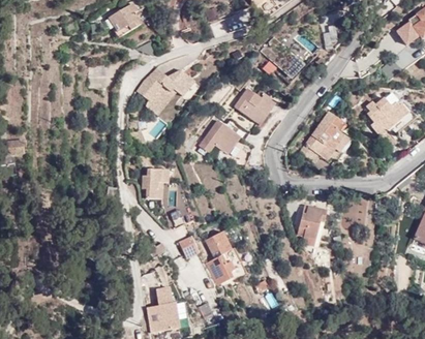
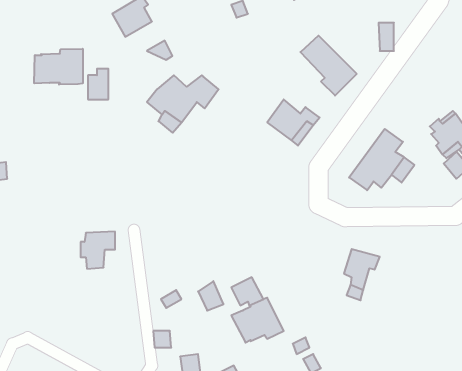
building: none -> [34,49,83,85]
building: [198,120,238,152] -> none
building: [139,168,166,198] -> [81,232,115,269]

